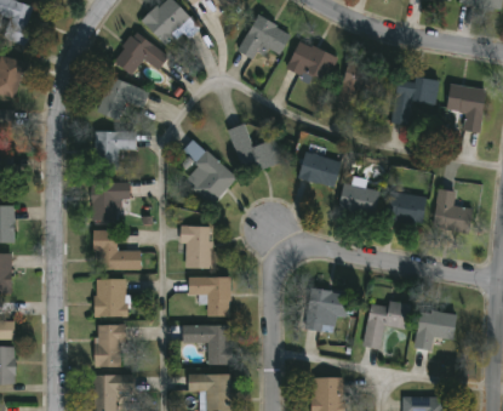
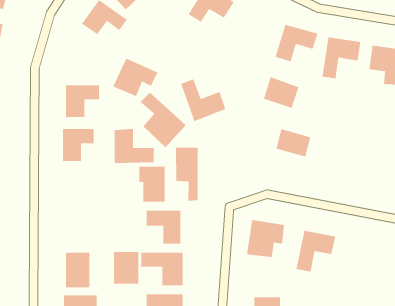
building: [286,40,337,85] -> none
building: [96,76,149,122] -> [112,57,158,97]
building: [298,150,341,188] -> [263,76,300,109]
building: [433,189,471,233] -> none
building: [388,193,424,223] -> none
building: none -> [175,147,199,202]
building: [93,229,141,270] -> [114,128,155,164]
building: [95,279,125,318] -> [113,251,139,285]
building: [415,309,457,350] -> none

